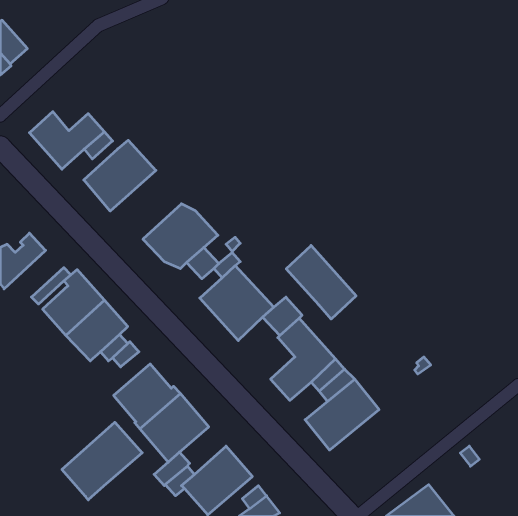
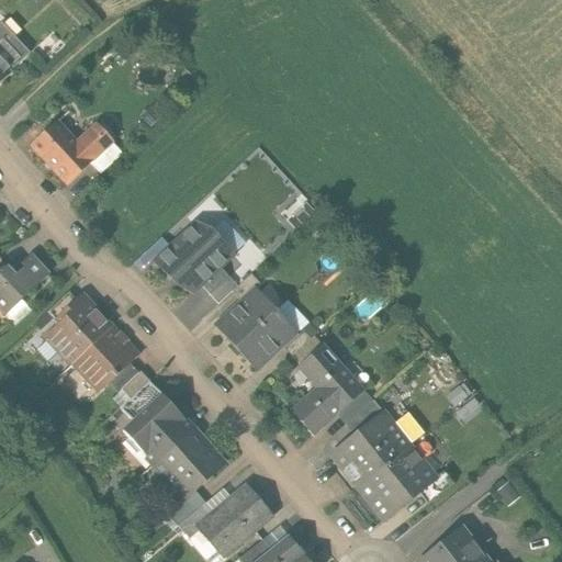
building: [84,140,156,211] -> none
building: [286,245,356,319] -> none
building: none -> [357,443,437,520]
building: [62,422,142,500] -> none

